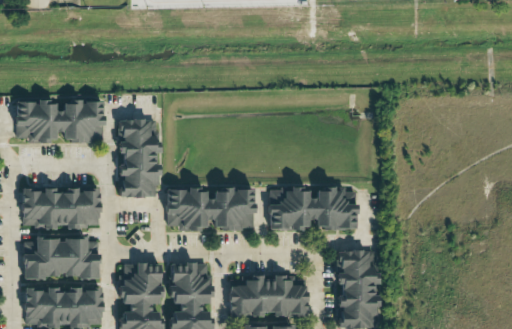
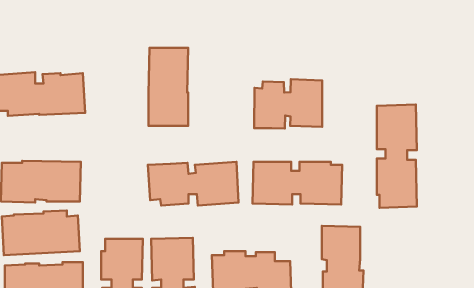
building: none -> [254,79,322,128]
building: [119,120,158,197] -> [149,48,188,126]
building: none -> [377,105,417,208]

